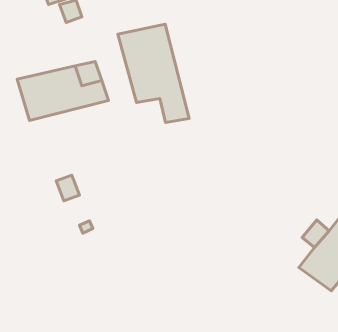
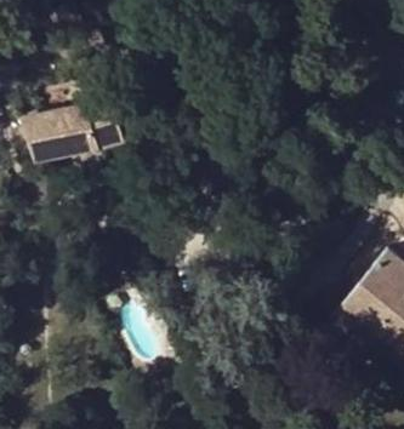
building: [118,24,189,123] -> none

